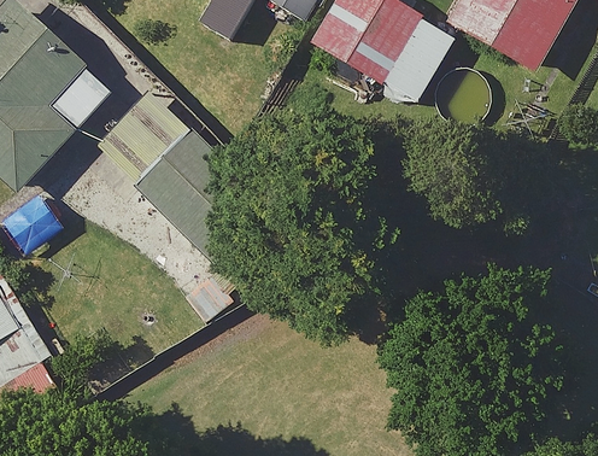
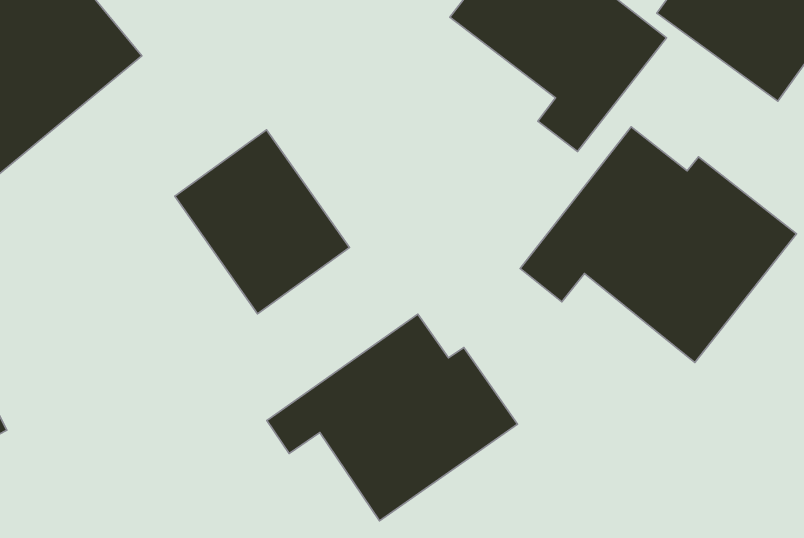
building: none -> [520,127,796,362]
building: none -> [267,314,517,521]

